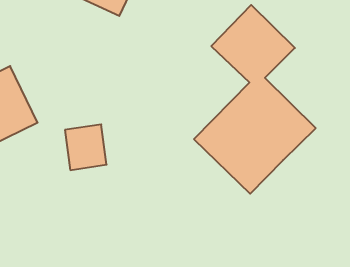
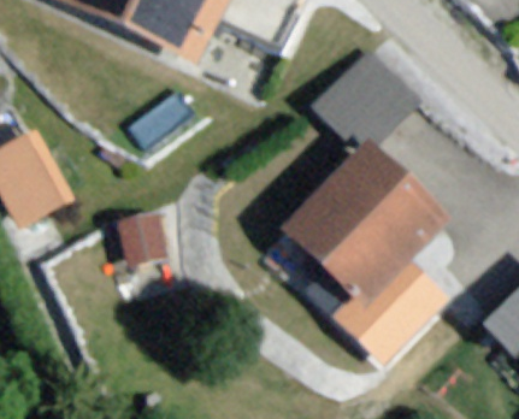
building: none -> [341,253,453,366]

